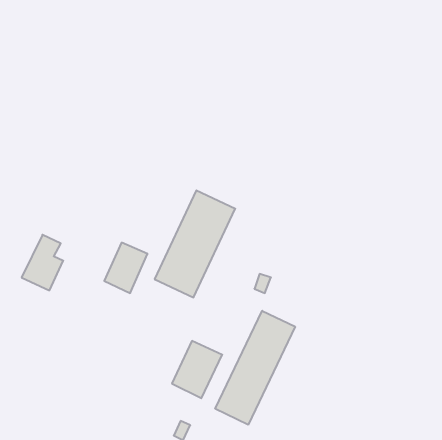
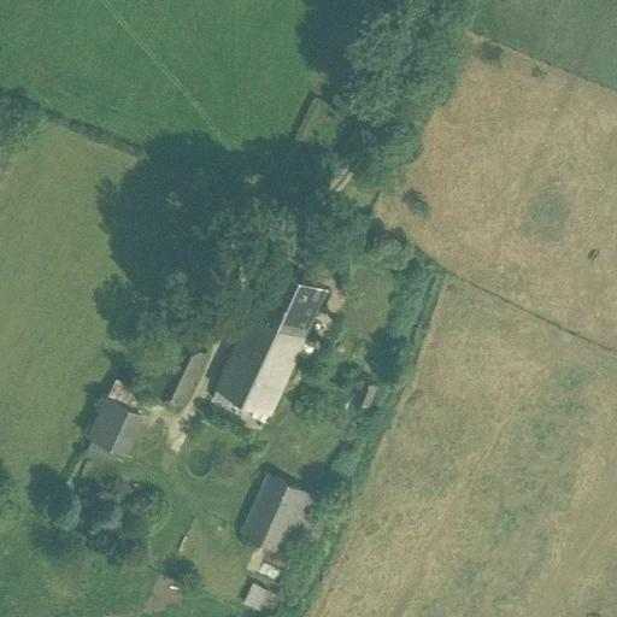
building: [22,235,63,290] -> [86,383,143,460]
building: [215,311,295,425] -> none

